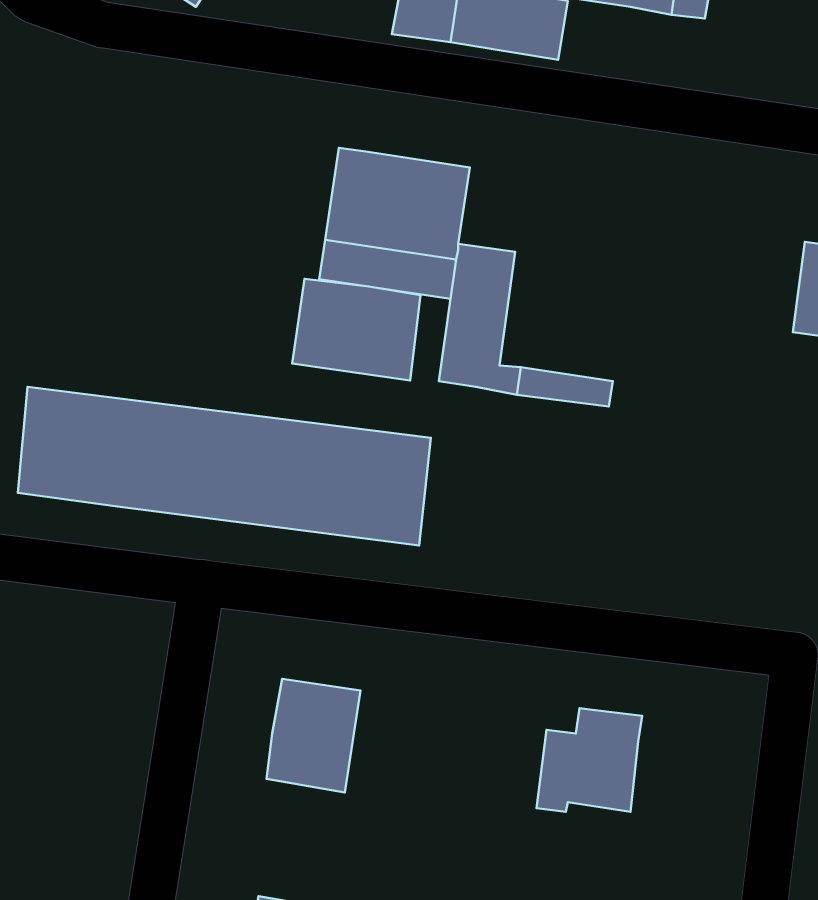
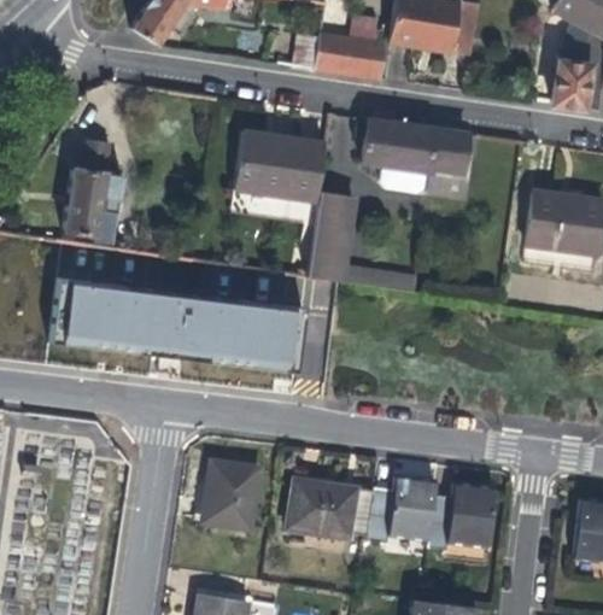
building: none -> [363,118,467,192]
building: none -> [64,168,123,235]
building: [292,279,421,380] -> none
building: none -> [288,481,375,539]
building: none -> [426,484,491,547]

